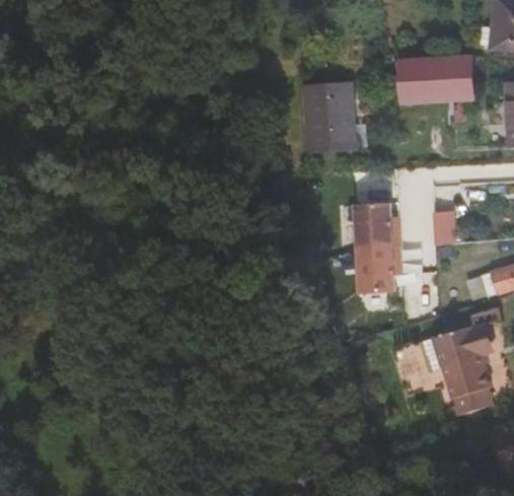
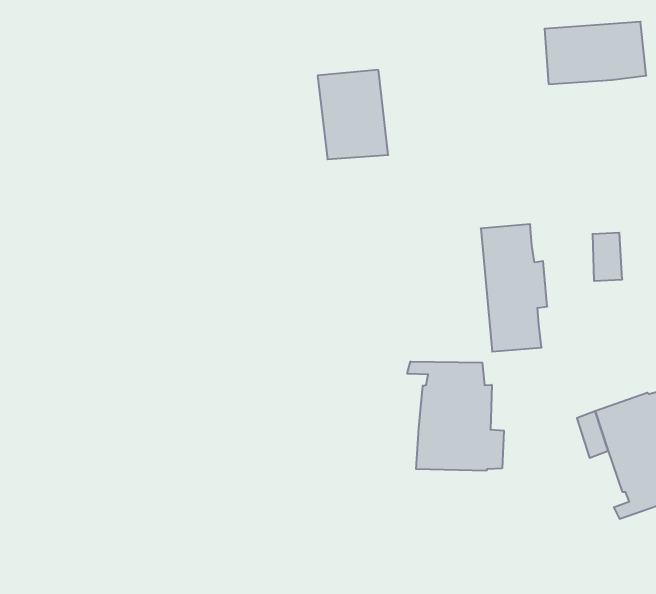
building: [302,86,353,150] -> [318,70,388,159]
building: none -> [407,361,504,471]

